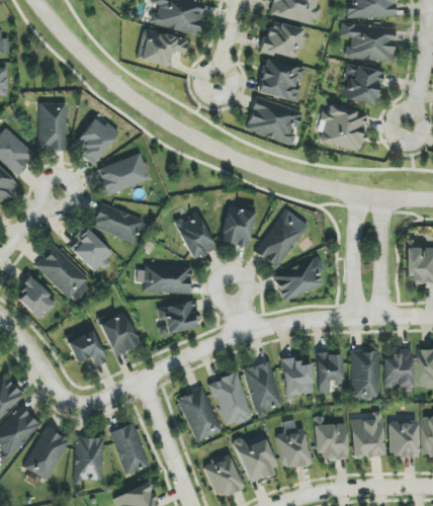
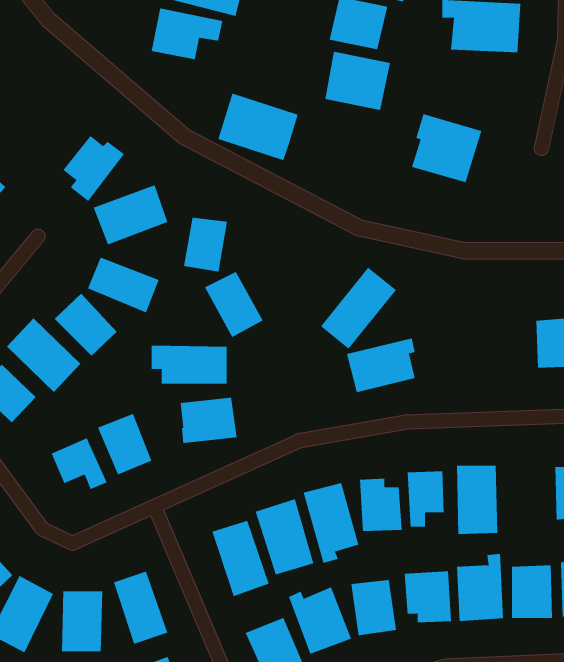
building: [343,64,383,104] -> none
building: [246,96,302,144] -> [217,93,298,161]
building: [37,103,66,150] -> none
building: [223,207,254,246] -> [183,217,228,272]
building: [383,350,412,387] -> none

